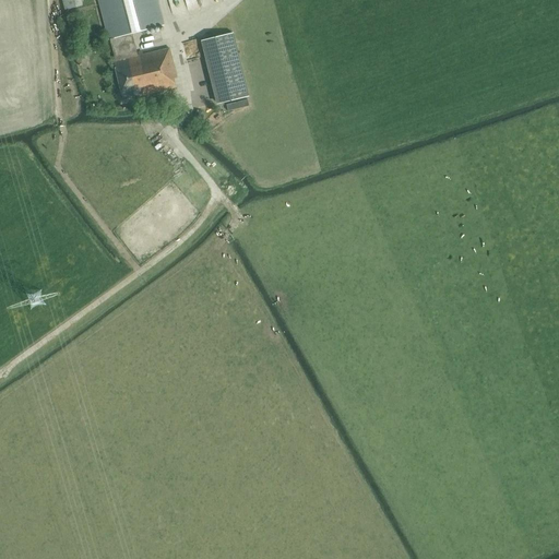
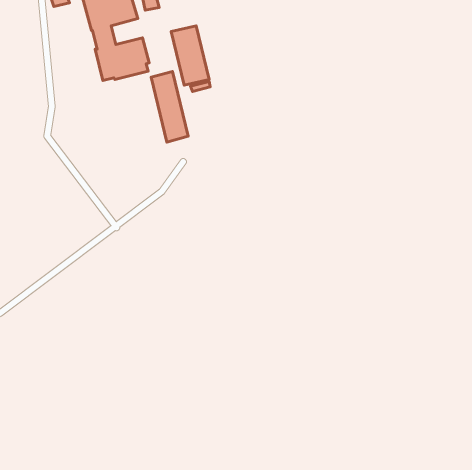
building: none -> [151,72,188,142]

